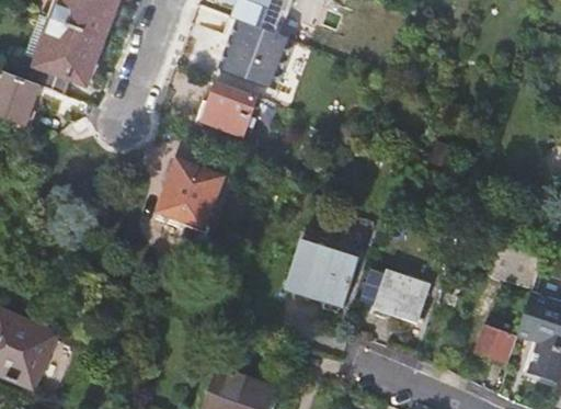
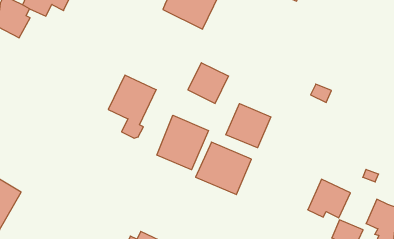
building: [203,81,255,134] -> [188,63,229,103]
building: none -> [226,104,271,148]
building: none -> [157,115,208,170]
building: [374,270,428,320] -> [308,179,350,218]

